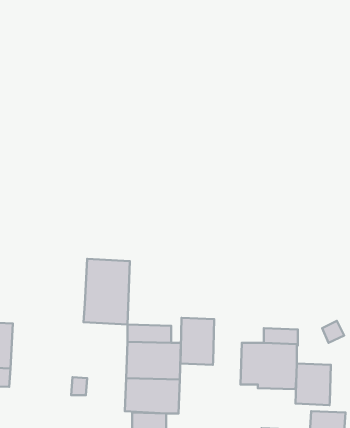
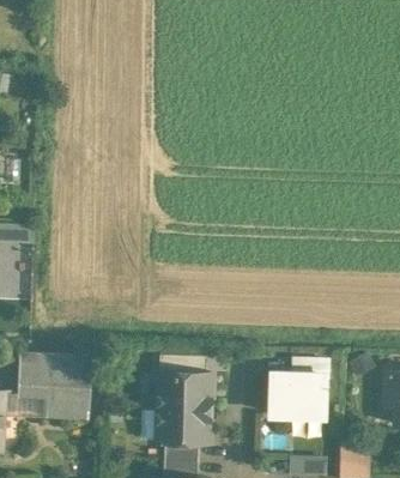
building: [83,259,130,325] -> [46,356,91,420]
building: [180,318,214,365] -> none
building: [296,363,331,405] -> none

